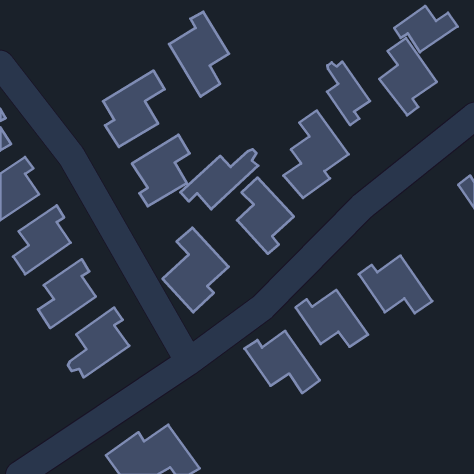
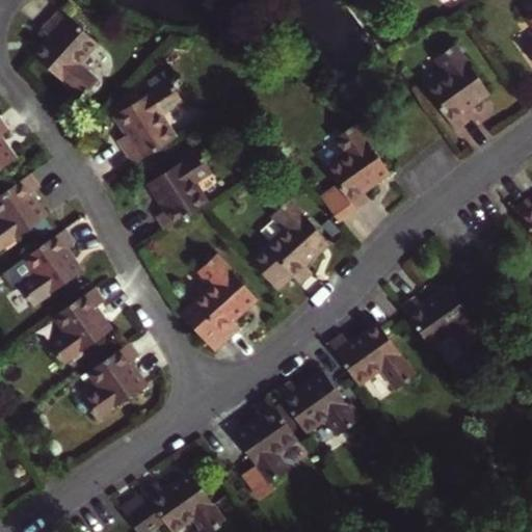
building: [394,6,458,52] -> none
building: none -> [32,9,98,100]
building: [169,12,229,97] -> none
building: [327,62,370,125] -> none
building: [180,149,258,209] -> none
building: none -> [230,398,294,501]

